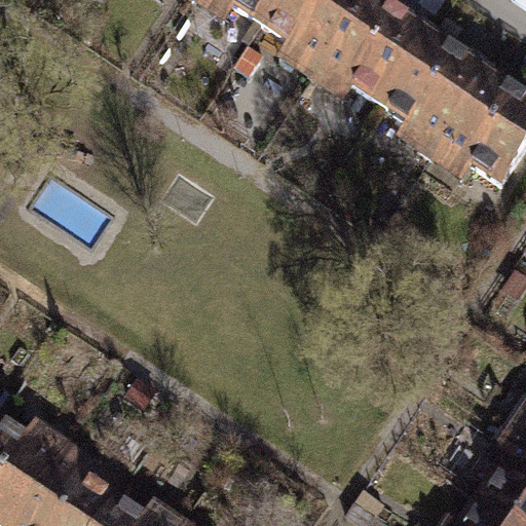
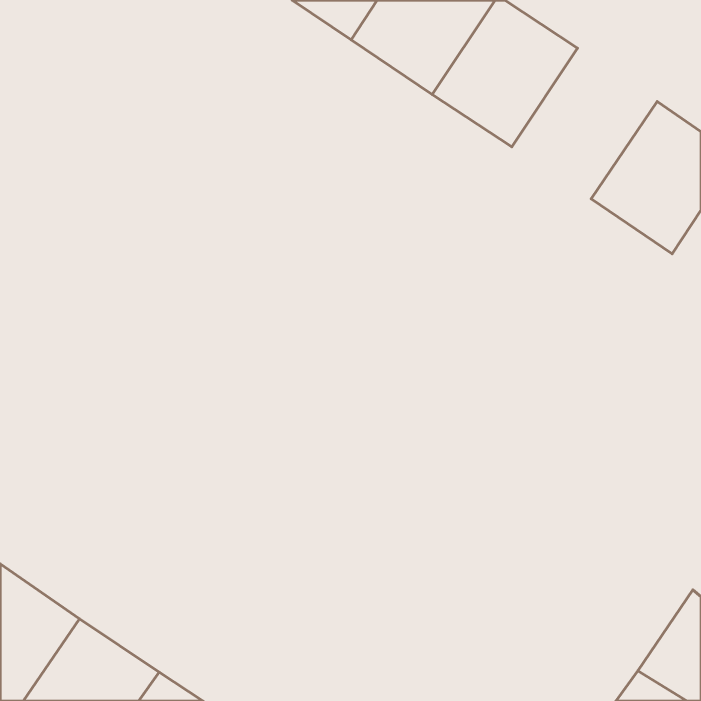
building: [383,36,492,149] -> none

